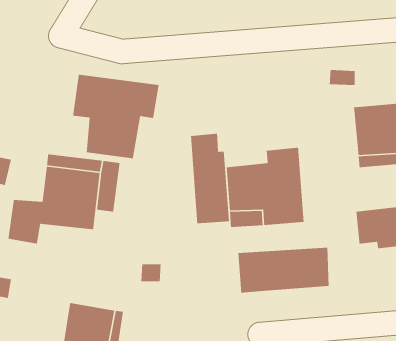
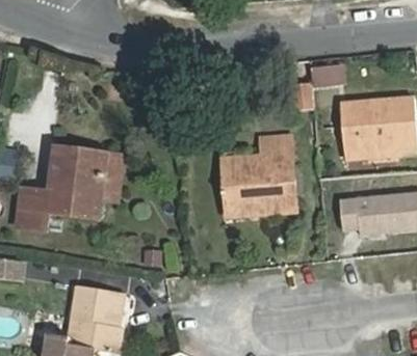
building: [72,74,159,159] -> none
building: [190,133,230,224] -> none
building: [237,247,330,294] -> none

